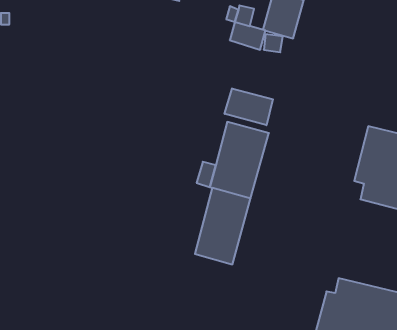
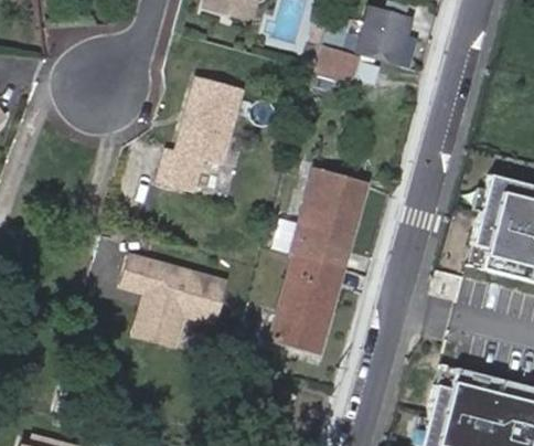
building: none -> [163,74,246,189]
building: [225,88,273,125] -> none
building: none -> [127,248,229,341]

